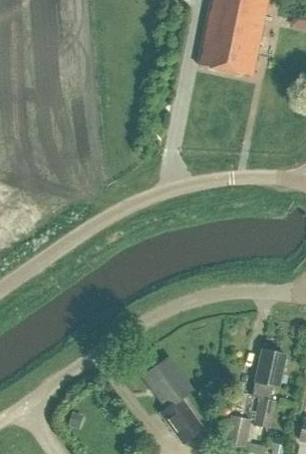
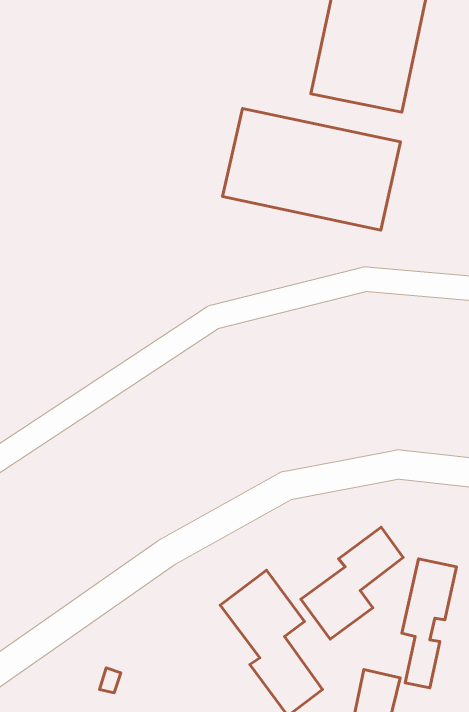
building: none -> [223,108,401,230]
building: none -> [301,527,403,639]

